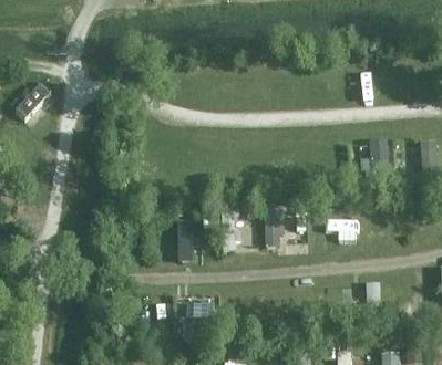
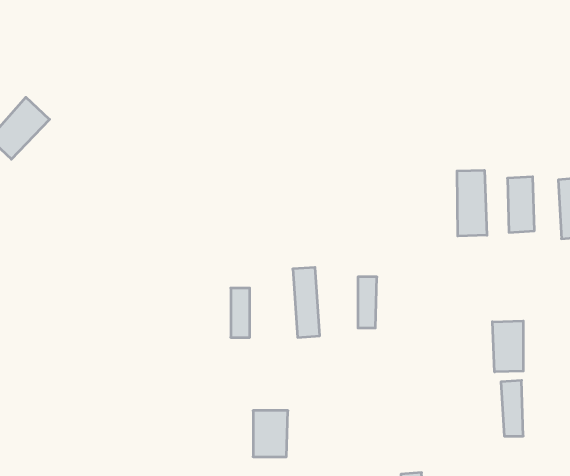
building: none -> [457,170,487,236]
building: none -> [492,321,523,372]

